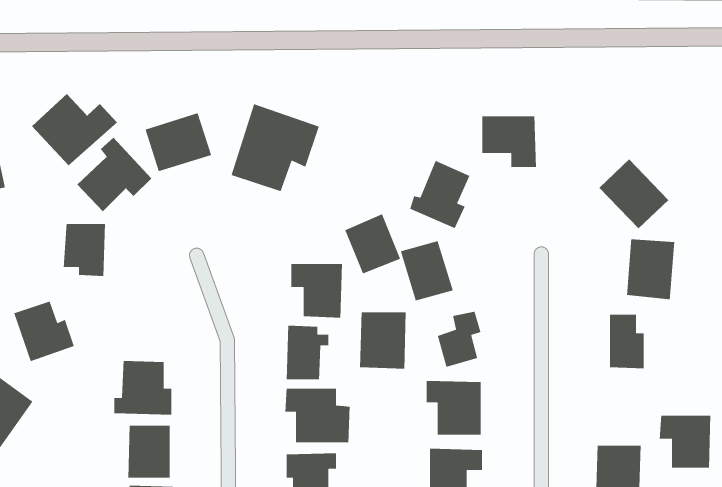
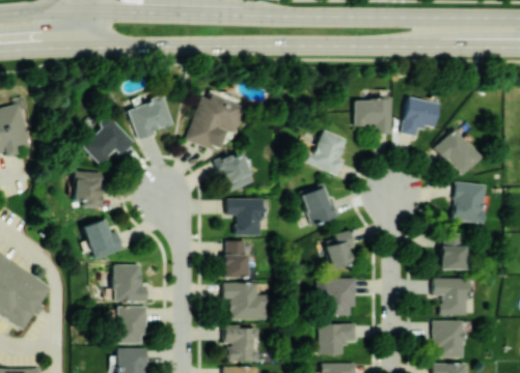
building: [31,93,118,166] -> none
building: none -> [401,97,439,137]
building: [344,213,401,275] -> [215,151,253,193]
building: [13,300,75,362] -> [82,219,124,260]
building: [359,312,407,369] -> none
building: [659,415,711,469] -> [432,279,467,315]

